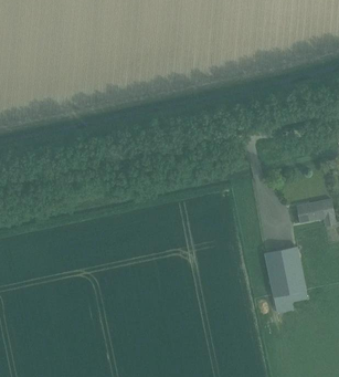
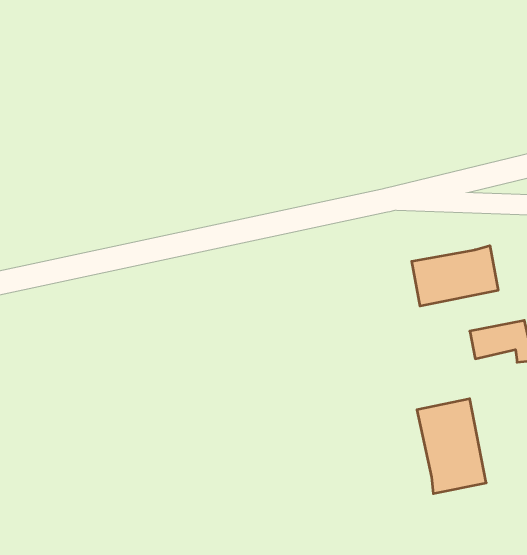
building: none -> [412,246,498,306]

